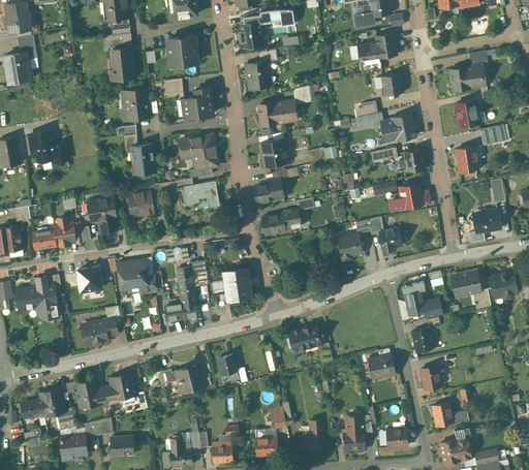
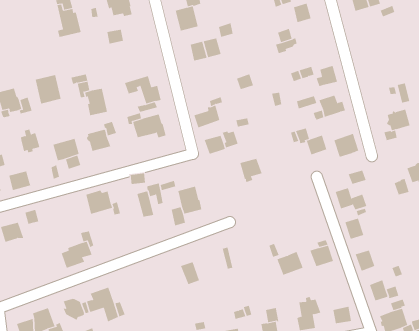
building: [179,87,212,118] -> none
building: [120,88,148,120] -> [35,74,62,104]
building: [455,100,477,126] -> none
building: [381,114,414,140] -> none
building: [478,124,505,145] -> none
building: [258,138,287,167] -> none
building: [455,146,476,171] -> none
building: [53,217,74,245] -> [20,129,40,153]
building: [337,233,362,260] -> [240,158,262,183]
building: [76,267,101,291] -> none
building: [453,270,480,295] -> [334,133,359,157]
building: [35,276,57,315] -> none
building: [163,296,195,323] -> none
building: [290,324,320,350] -> [276,251,303,276]
building: [161,365,205,393] -> none

